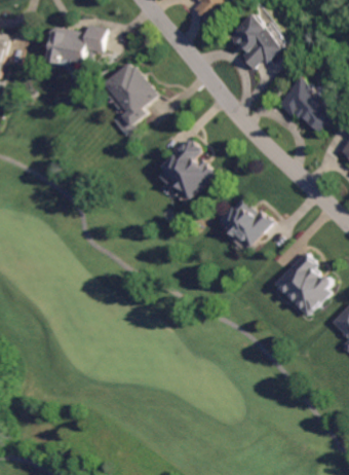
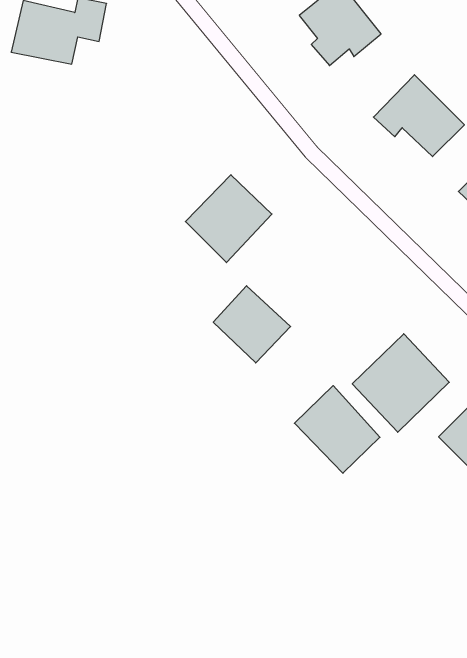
building: [95,64,159,129] -> none
building: [218,193,270,246] -> [213,286,291,363]
building: none -> [294,386,380,473]

